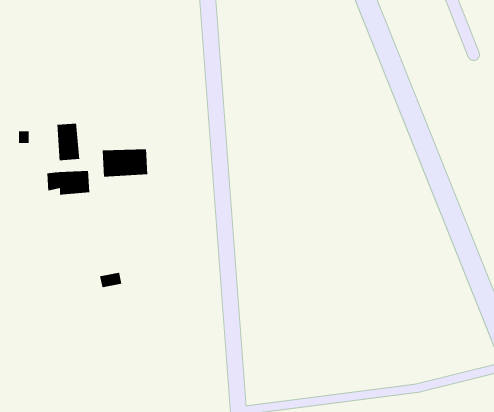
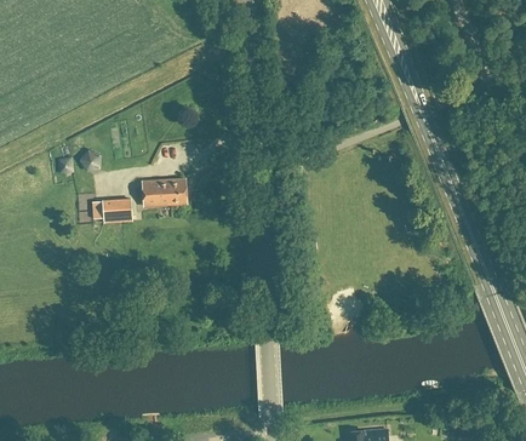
building: [57,123,80,161] -> none

